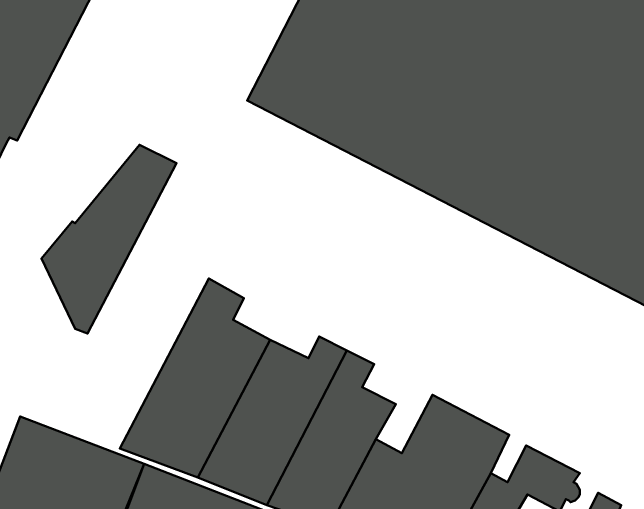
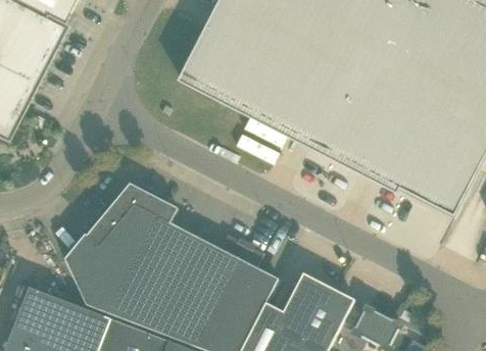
building: [41,145,176,333] -> [63,183,153,308]

